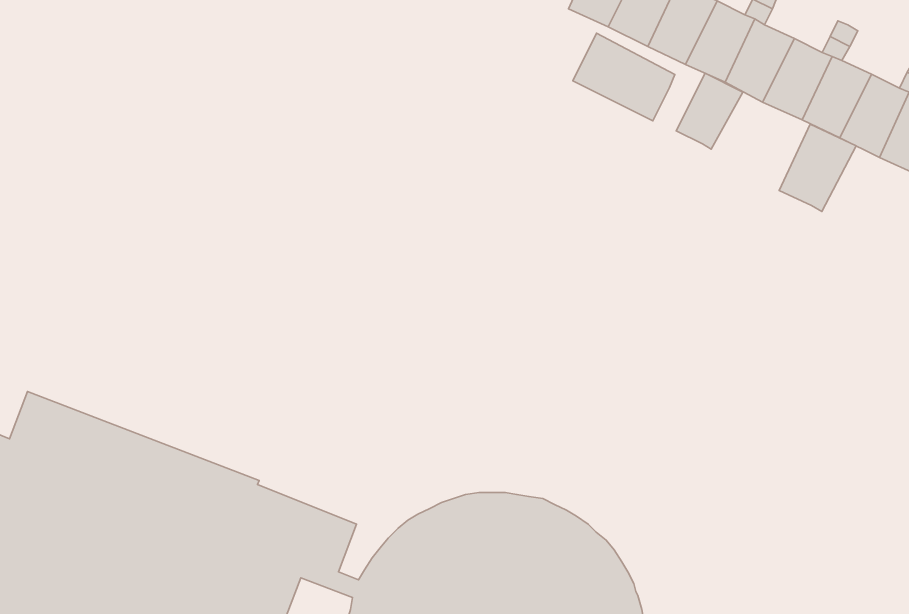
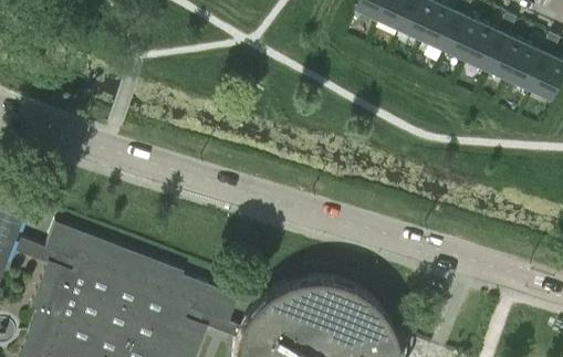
building: [573,33,675,121] -> none
building: [676,73,743,149] -> none
building: [779,124,856,211] -> none

